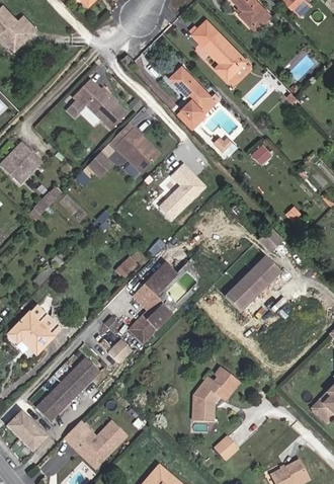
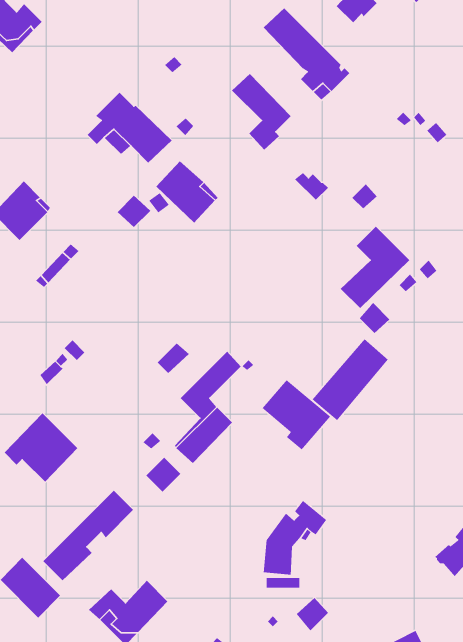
building: [175,93,220,131] -> none
building: [158,161,207,220] -> [340,226,410,309]
building: none -> [261,379,331,451]

